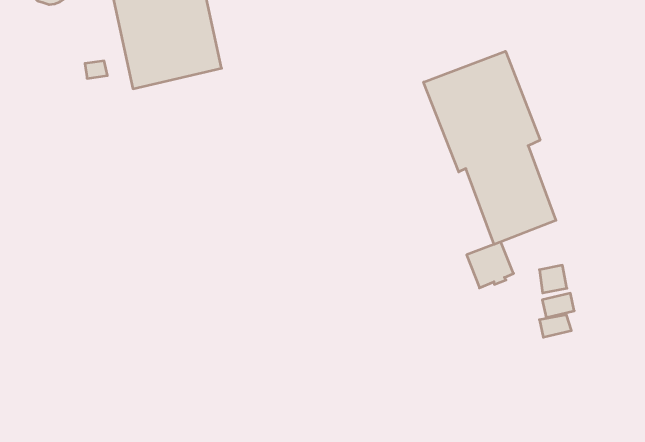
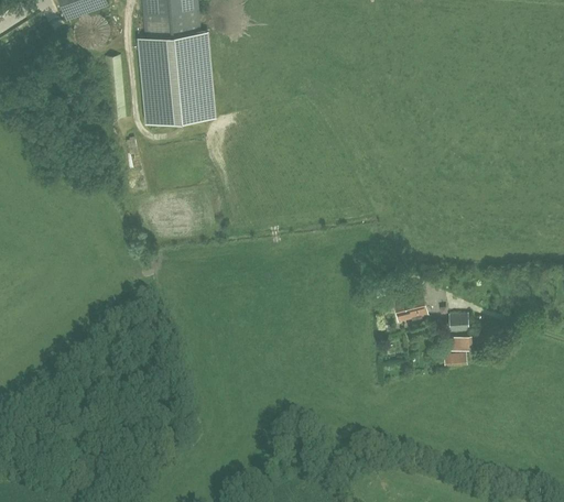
building: [424,51,556,244] -> none

